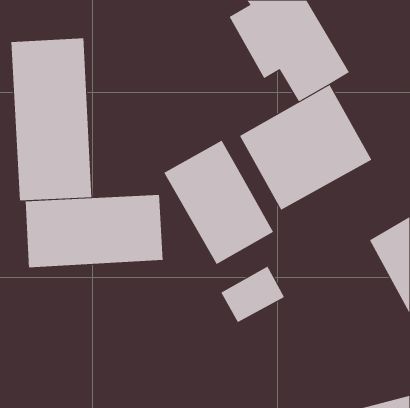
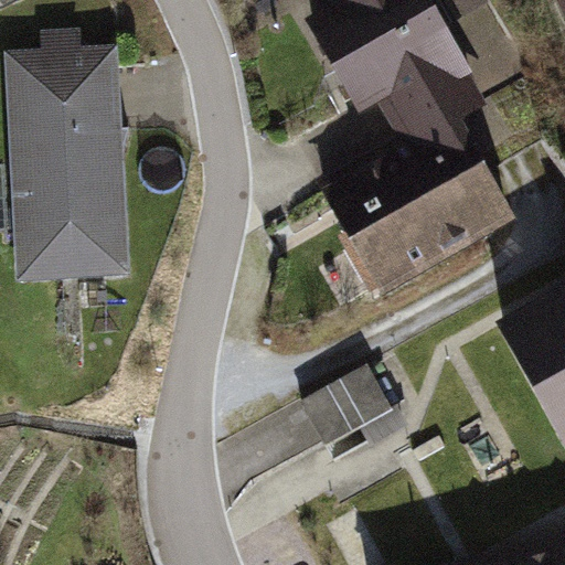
building: [164,140,274,265] -> none
building: [25,194,163,268] -> none

